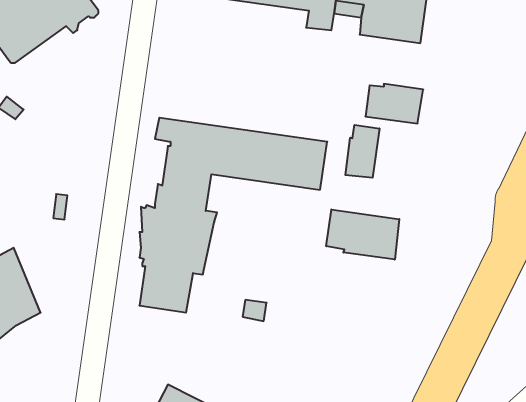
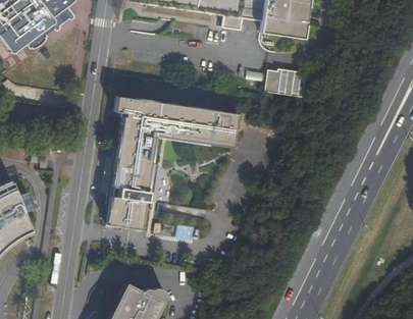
building: [345,125,379,178] -> none
building: [326,209,399,260] -> none

